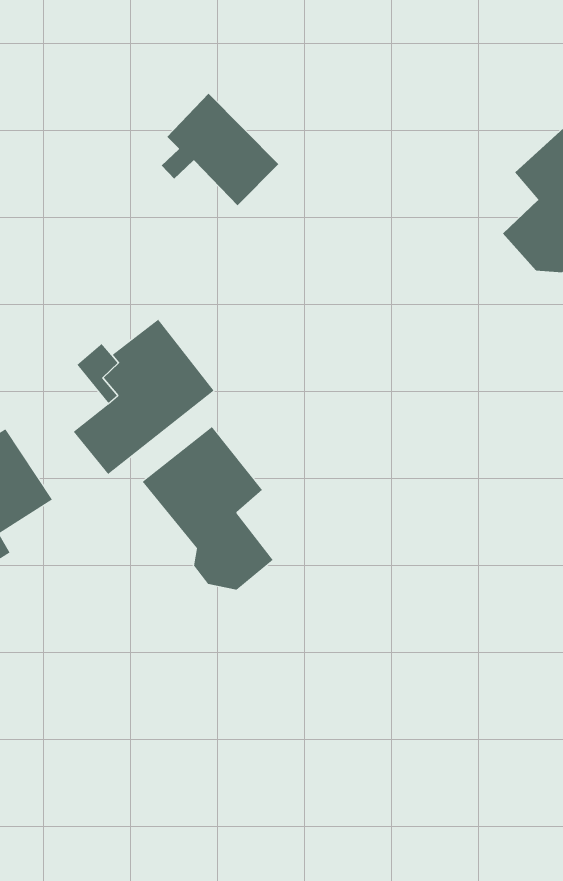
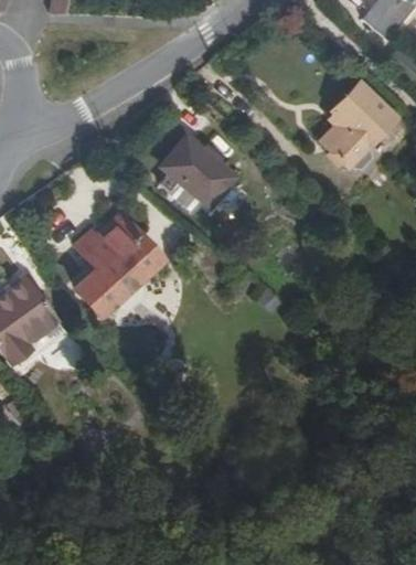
building: [161,93,279,206] -> [162,136,234,203]
building: [142,426,274,590] -> none

